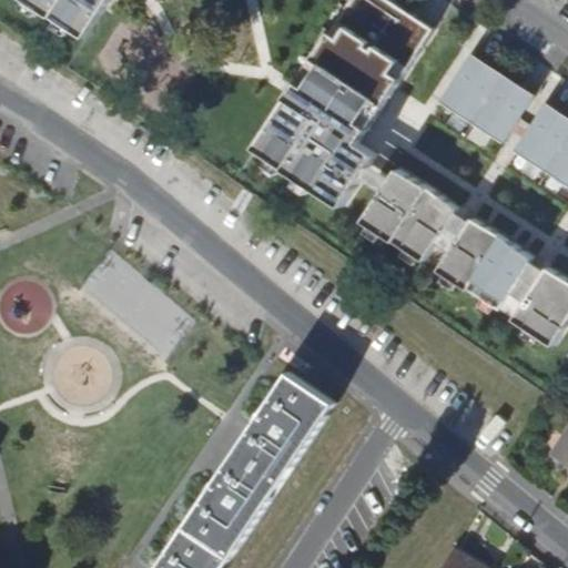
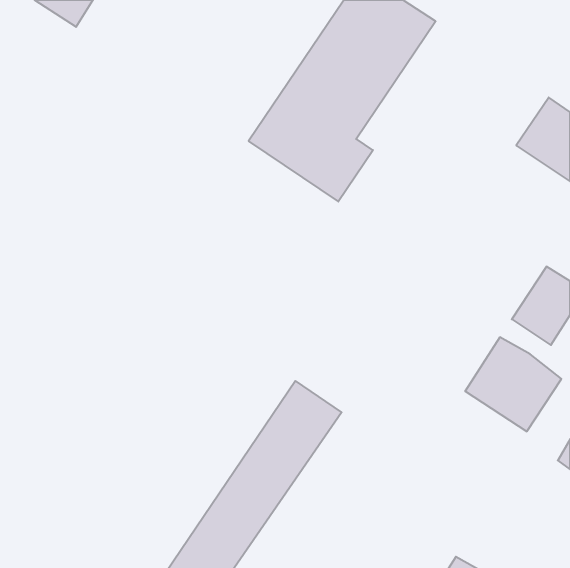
building: [435,50,529,140] -> none
building: [356,169,452,261] -> none
building: [432,217,527,311] -> [465,337,561,431]

